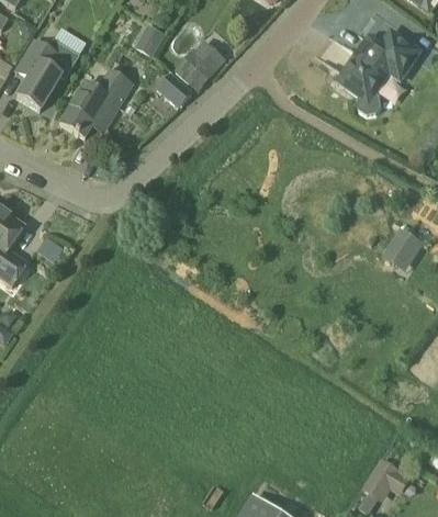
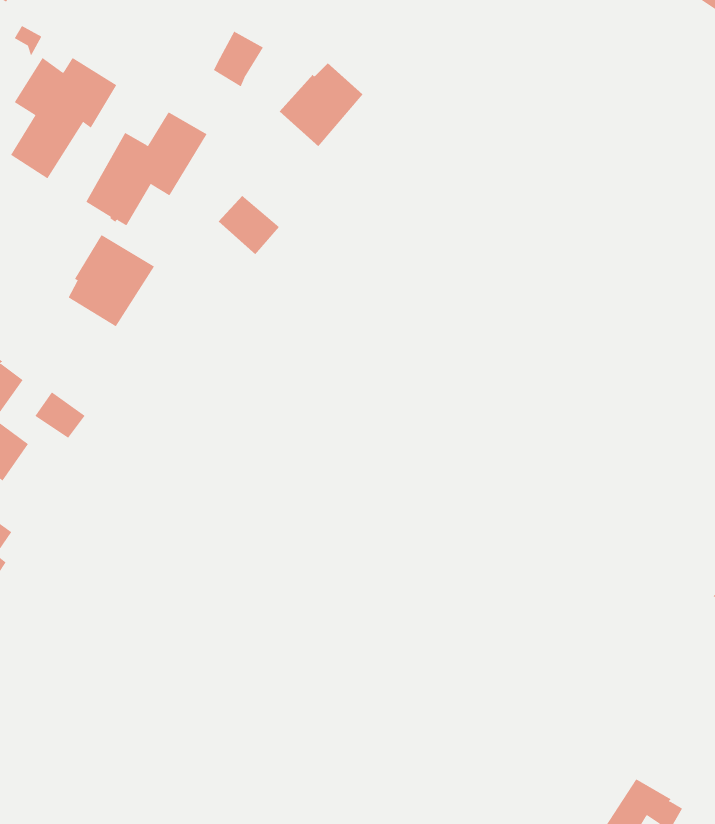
building: [344,30,420,113] -> none
building: [155,74,191,109] -> [218,195,280,255]
building: none -> [68,234,155,327]
building: [380,228,423,274] -> none

